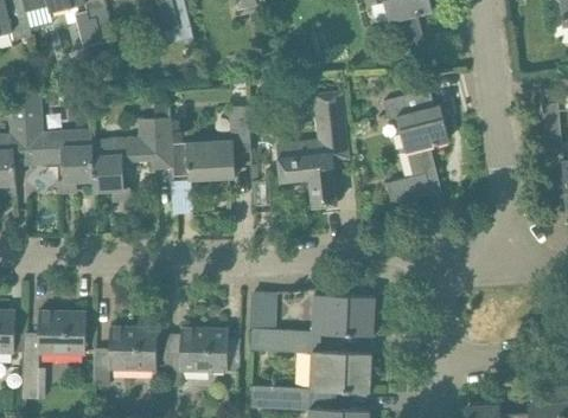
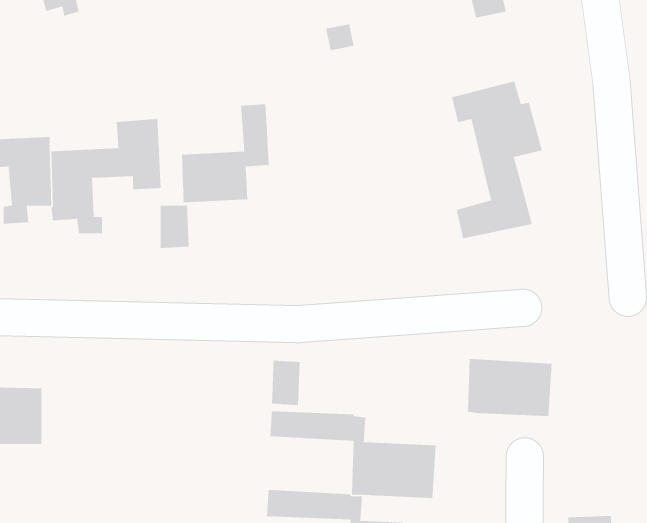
building: [276,92,347,207] -> none
building: [312,294,374,336] -> [467,358,552,417]
building: [94,327,157,385] -> none
building: [165,329,228,386] -> none

